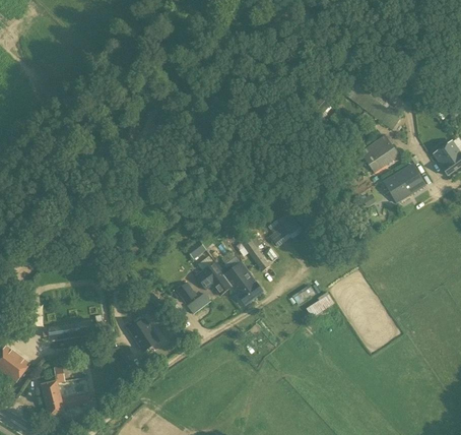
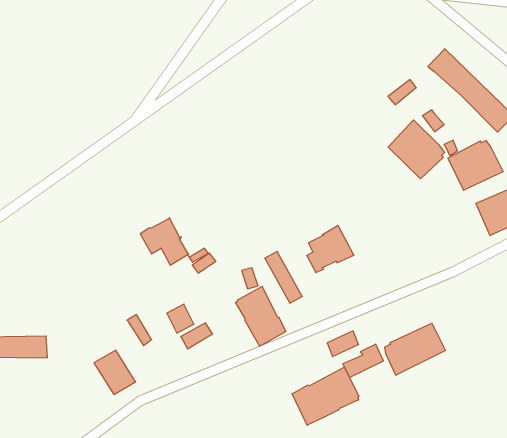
building: none -> [388,120,445,179]
building: [195,261,232,295] -> [140,218,189,265]
building: none -> [385,323,445,375]
building: none -> [292,367,359,425]

